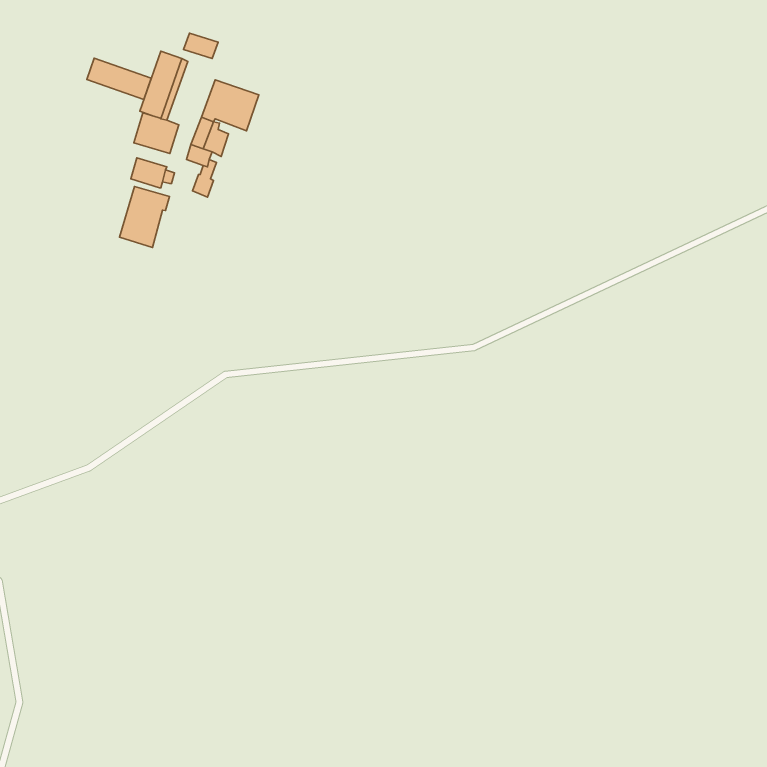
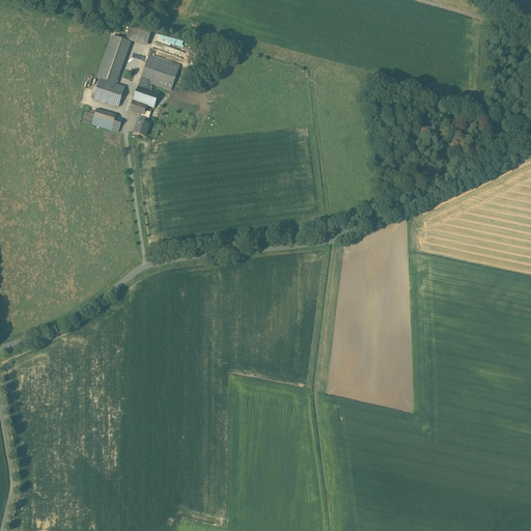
building: [87,58,151,99] -> none
building: [119,187,170,247] -> none

